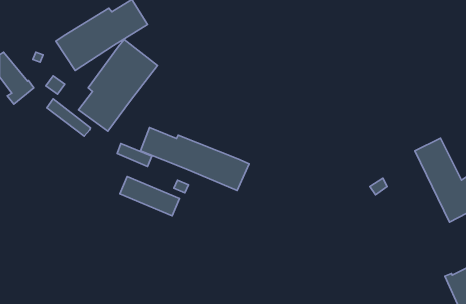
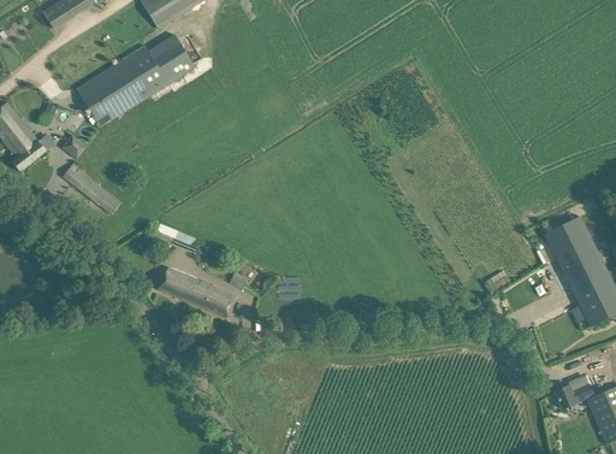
building: [78,39,158,131] -> none
building: [141,127,249,190] -> none
building: none -> [556,383,594,408]

